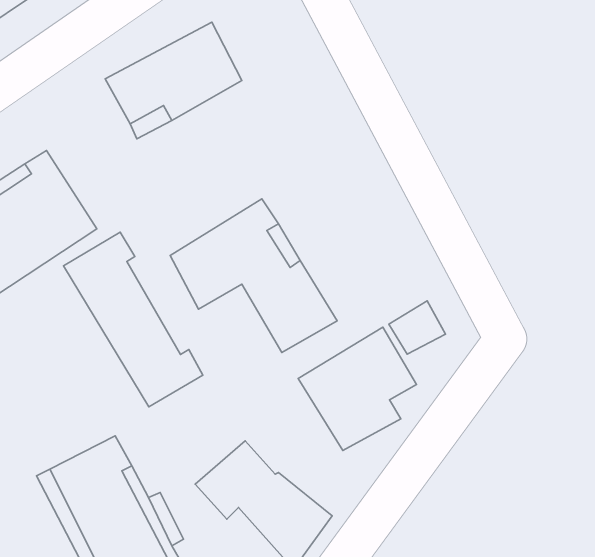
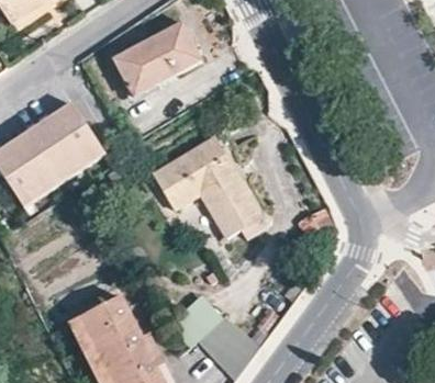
building: [63,232,203,407] -> none
building: [298,327,417,450] -> none

